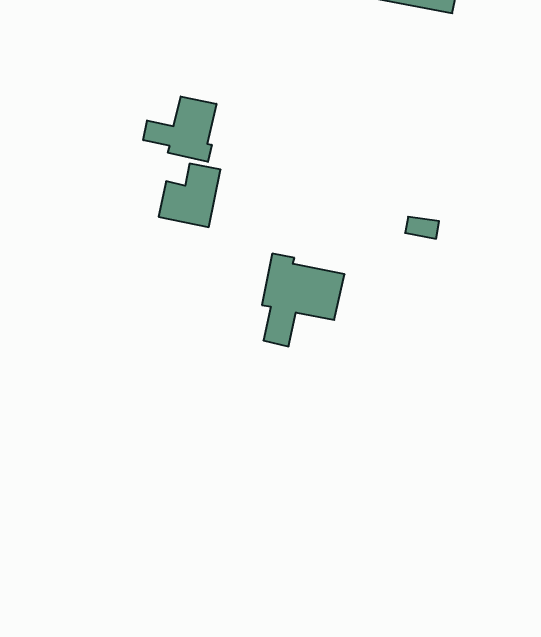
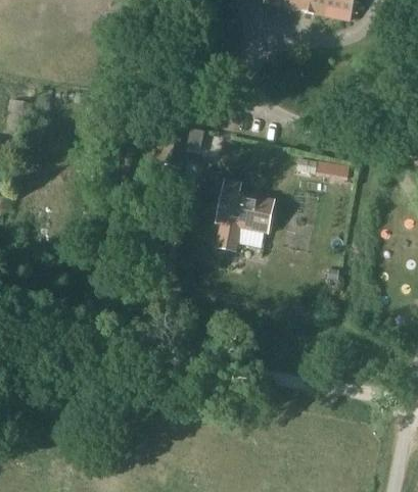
building: [143,96,216,162] -> none

